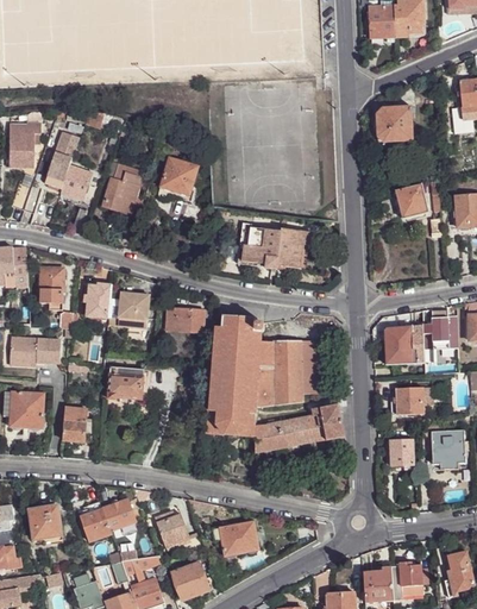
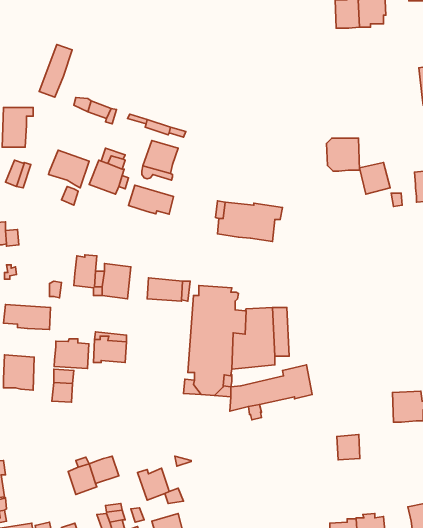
building: [376,106,412,142] -> [327,138,359,171]
building: [43,136,79,193] -> [39,44,72,97]
building: none -> [128,185,173,214]
building: [39,268,63,310] -> none
building: [382,309,457,364] -> none
building: none -> [54,339,89,368]
building: [395,387,423,415] -> none
building: [389,440,414,467] -> [337,434,360,460]
building: [29,508,62,540] -> none
building: [219,521,259,558] -> none

